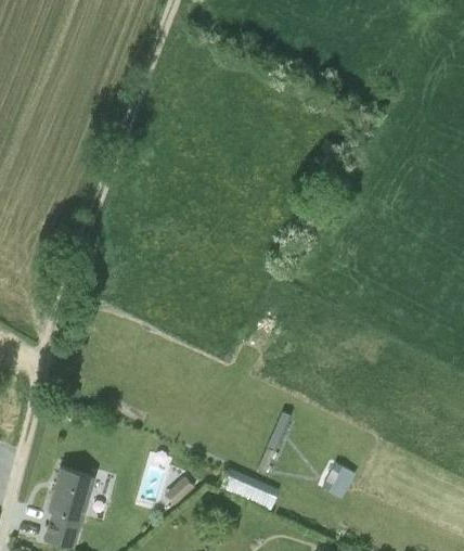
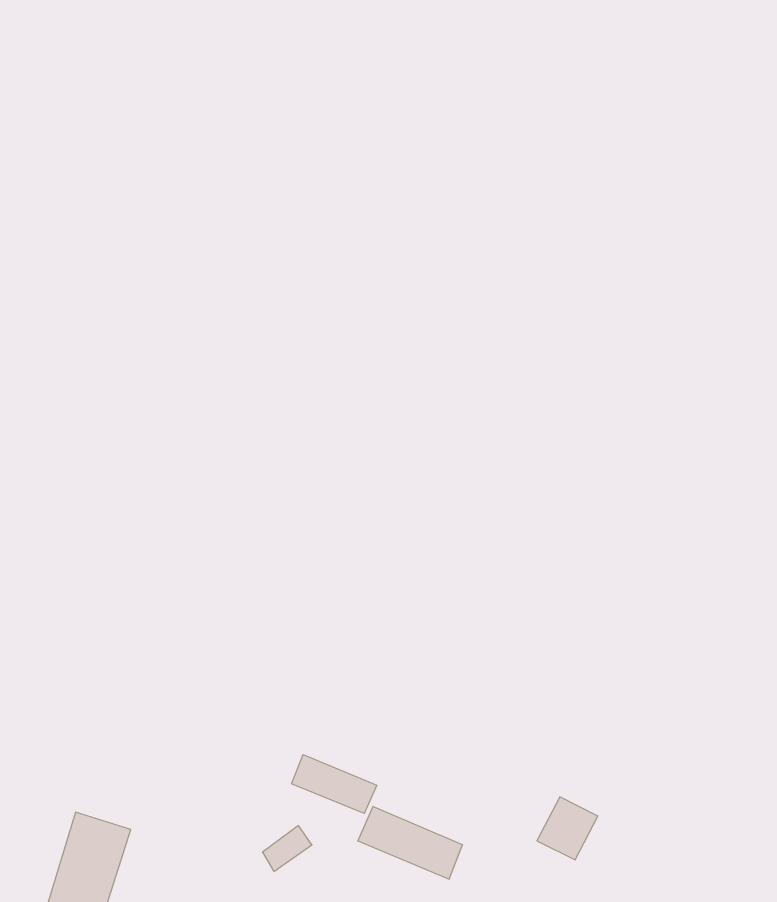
building: none -> [292,755,377,813]

